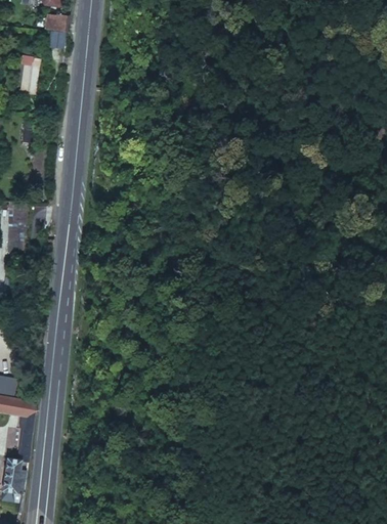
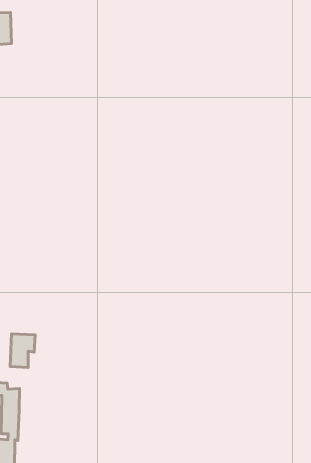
building: none -> [10,334,35,368]

